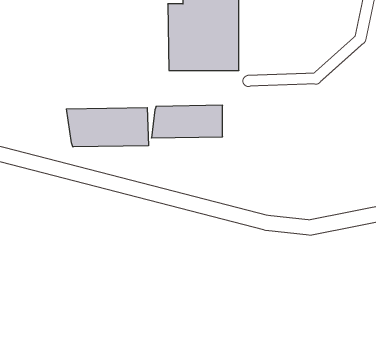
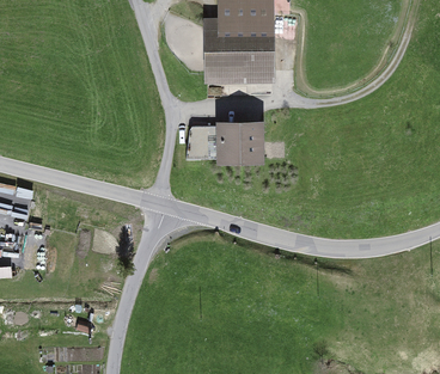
building: [66,108,148,147] -> none

